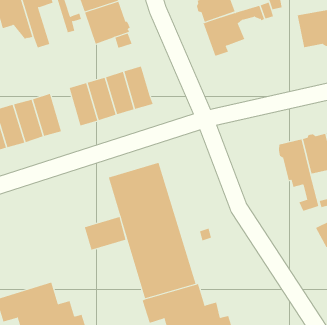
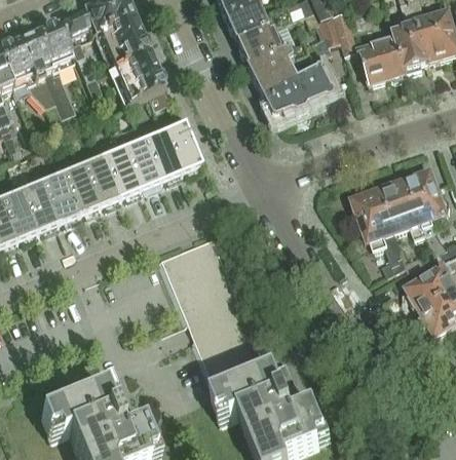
building: none -> [267,69,333,116]
building: none -> [80,156,118,207]
building: [84,216,126,250] -> none

